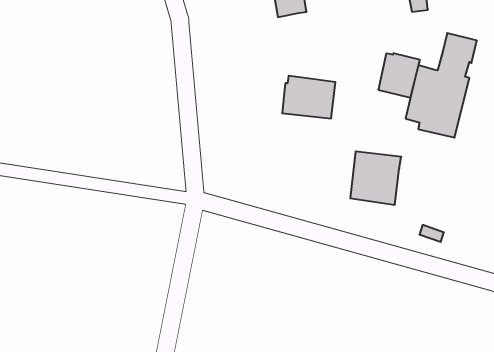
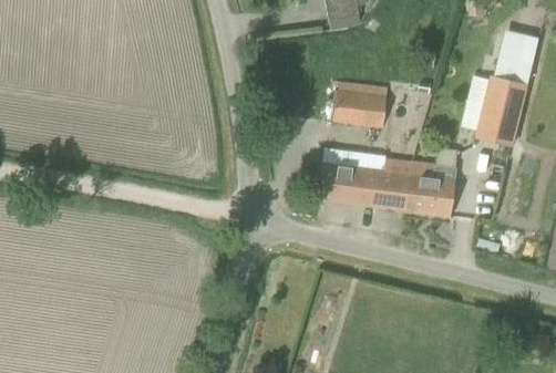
building: [379,53,420,98] -> none
building: none -> [318,157,409,209]

